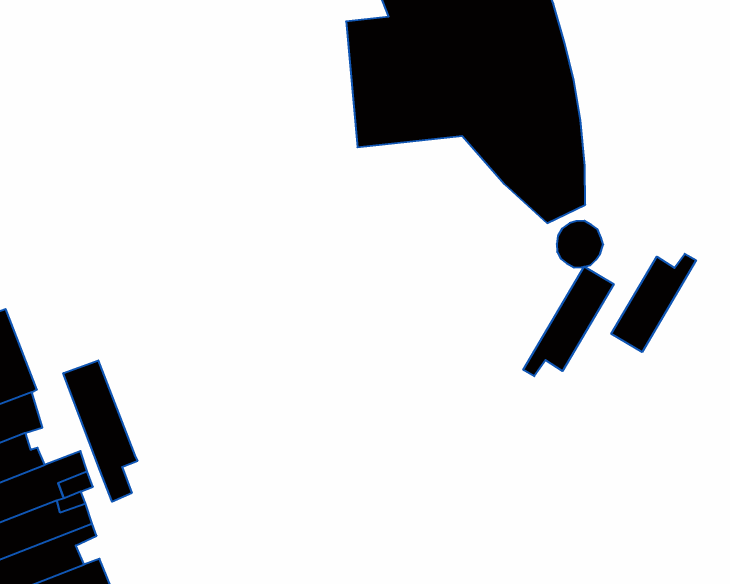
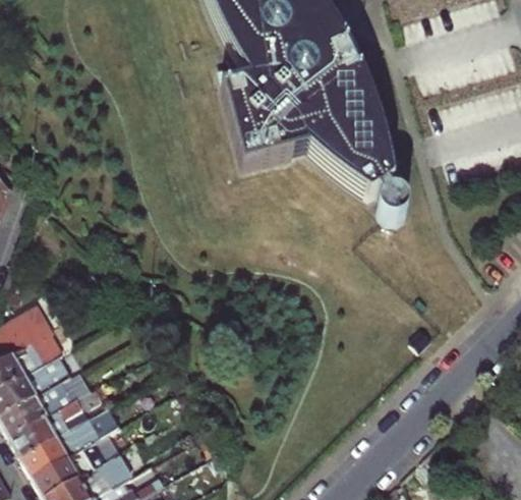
building: [611,254,696,352] -> none
building: [523,267,614,376] -> none
building: [63,360,137,502] -> none

